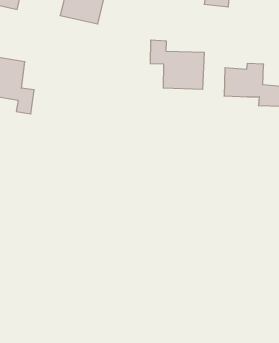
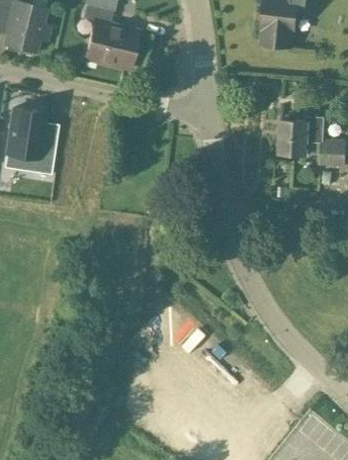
building: [150,40,204,89] -> none

